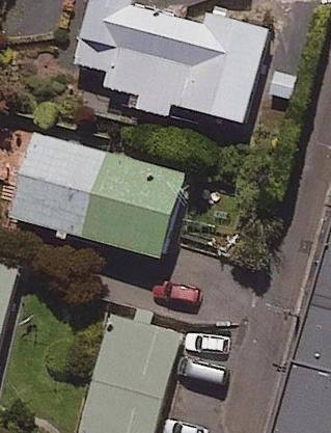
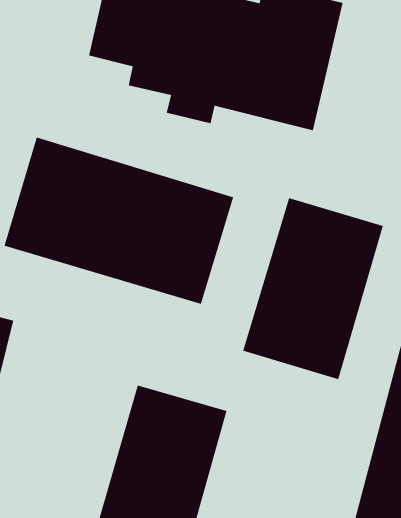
building: none -> [242,197,384,380]

